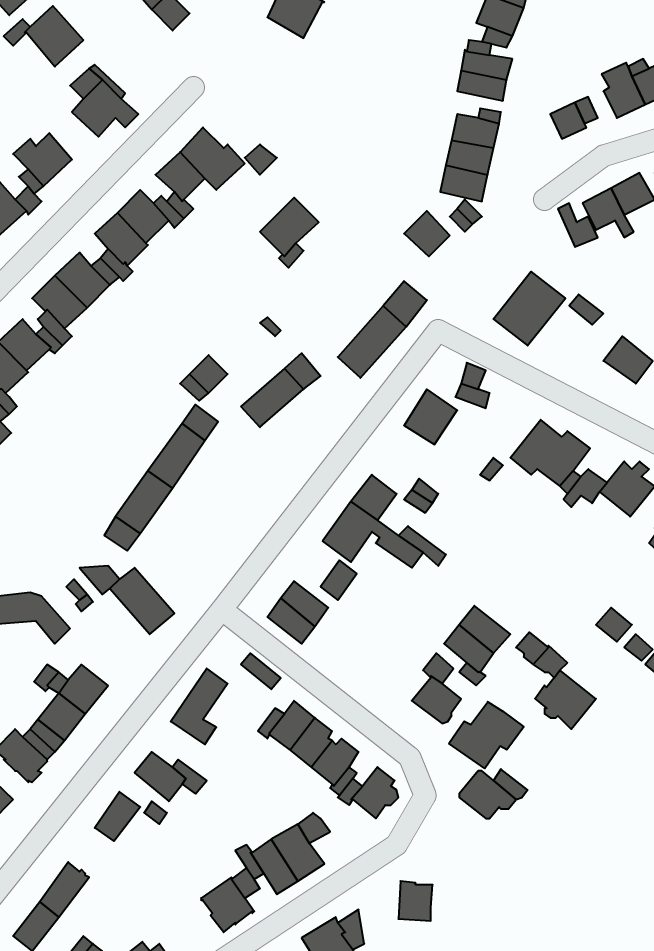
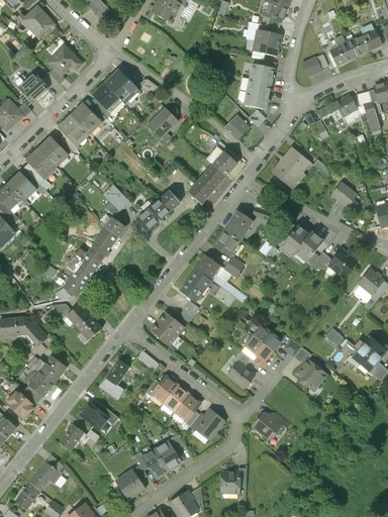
building: none -> [214,229,240,255]
building: [449,702,524,768] -> none

